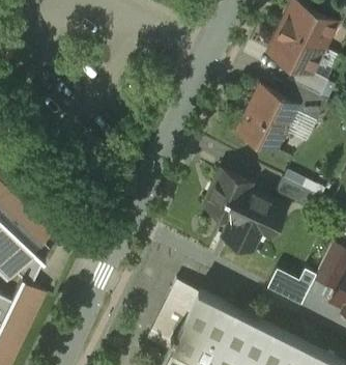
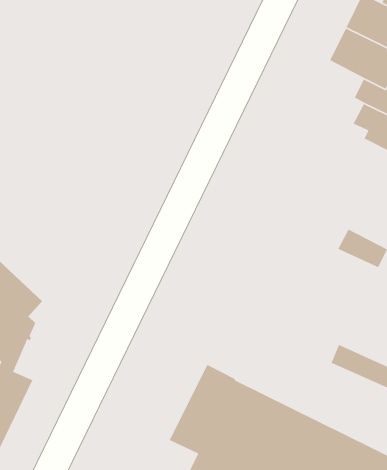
building: [238,87,297,150] -> none
building: [203,171,285,251] -> none

